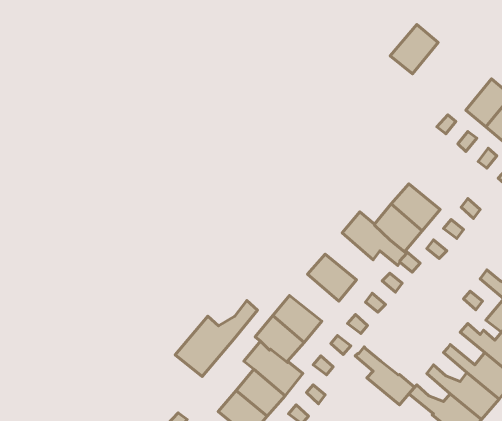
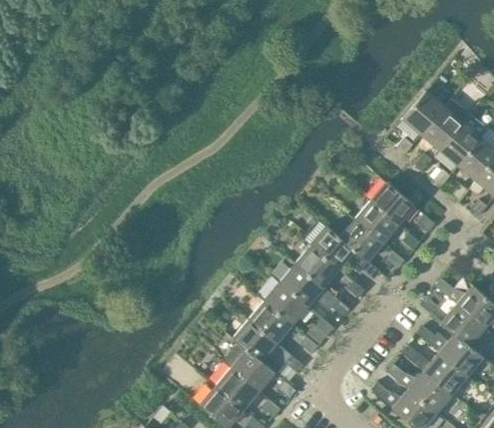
building: [390,25,438,74] -> [402,91,445,135]
building: none -> [371,182,415,225]
building: none -> [296,246,339,288]
building: none -> [264,283,308,325]
building: [175,300,257,376] -> none
building: [355,347,414,405] -> none

